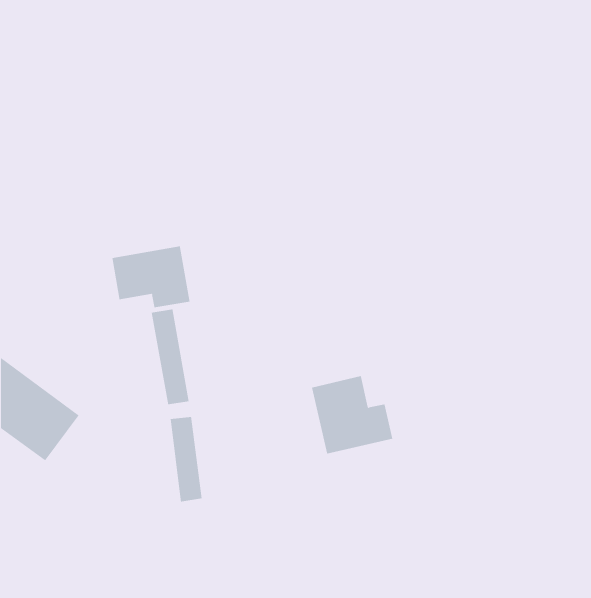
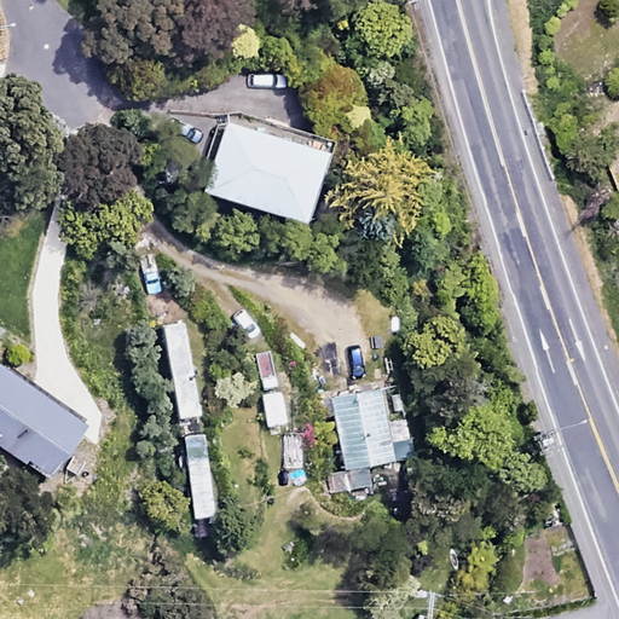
building: none -> [204,123,329,225]
building: [112,245,190,308] -> none

